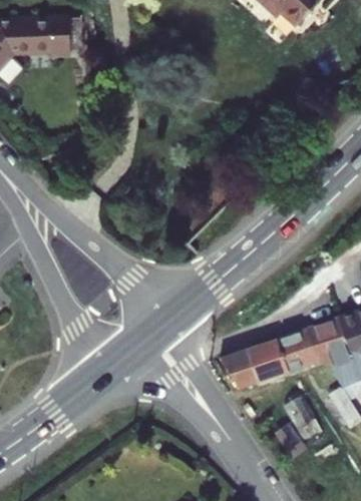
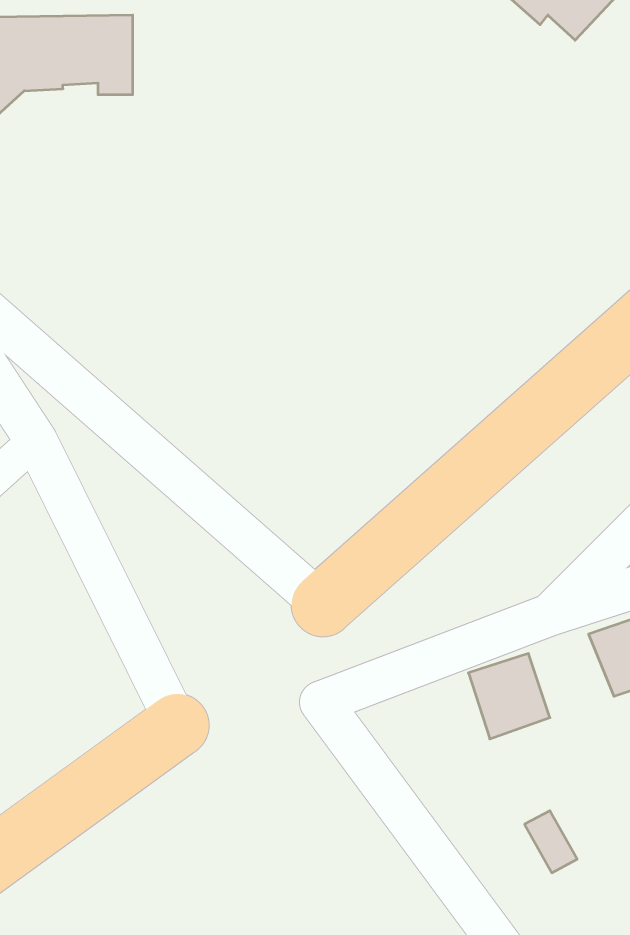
building: [276,331,320,374] -> none
building: [214,351,256,391] -> none
building: [284,398,321,442] -> none

